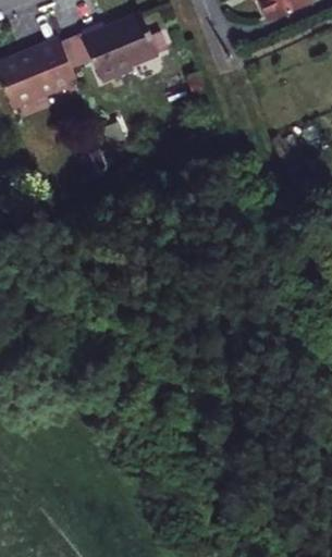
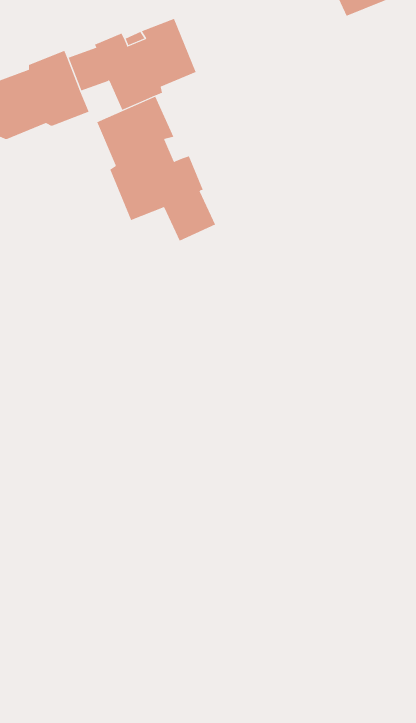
building: none -> [96,96,216,241]

